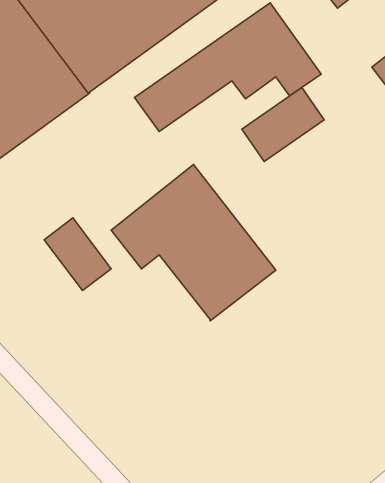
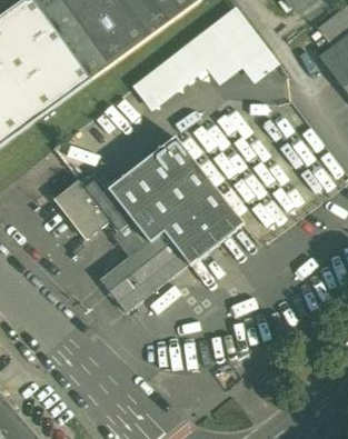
building: [242,87,324,162] -> none
building: none -> [101,209,189,311]

